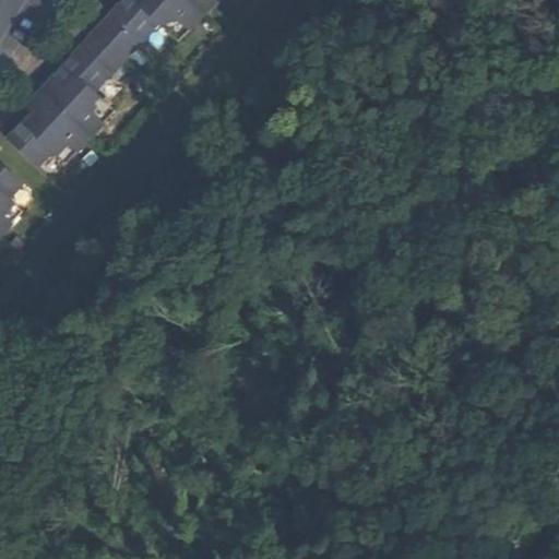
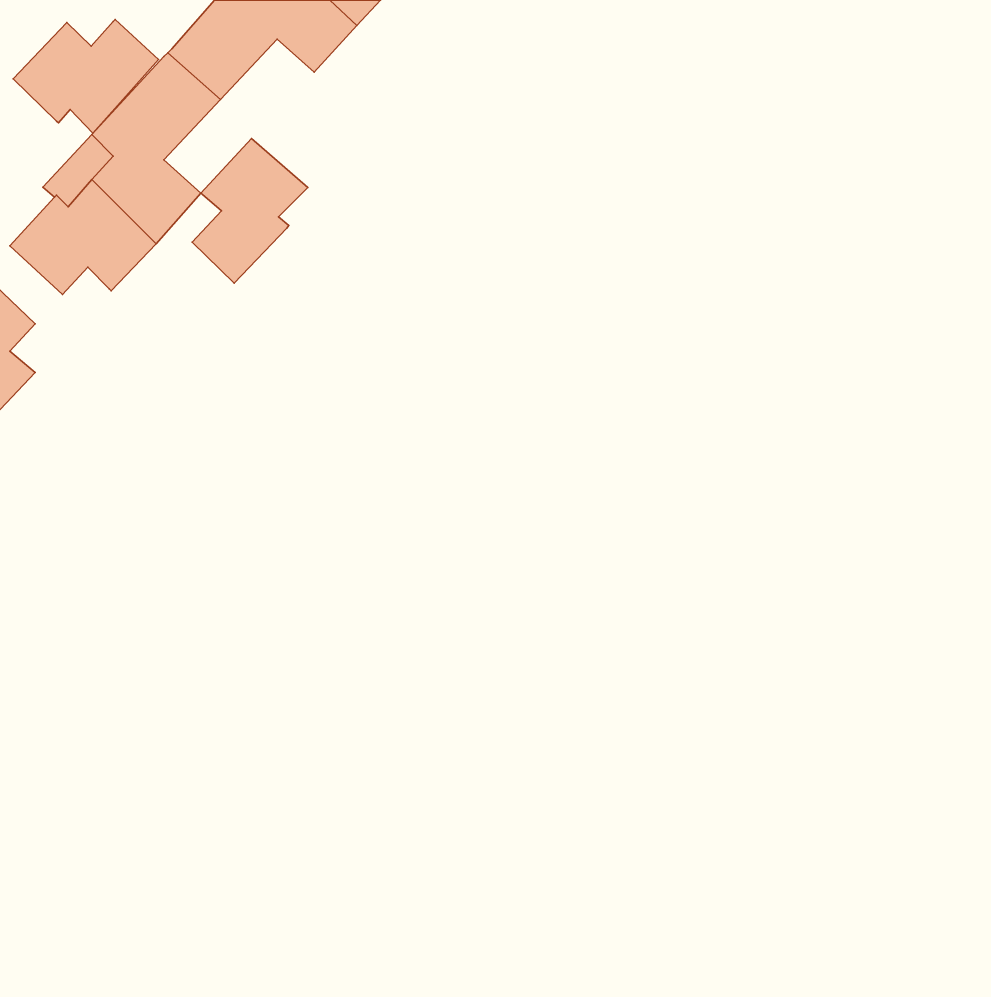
building: none -> [13,19,159,133]
building: none -> [192,139,308,283]

